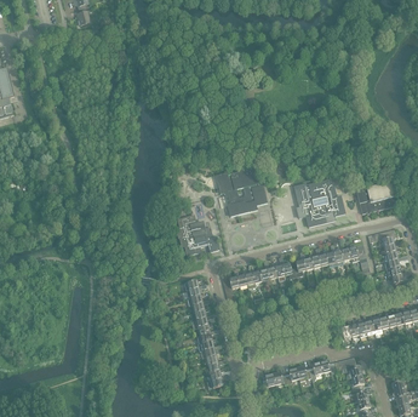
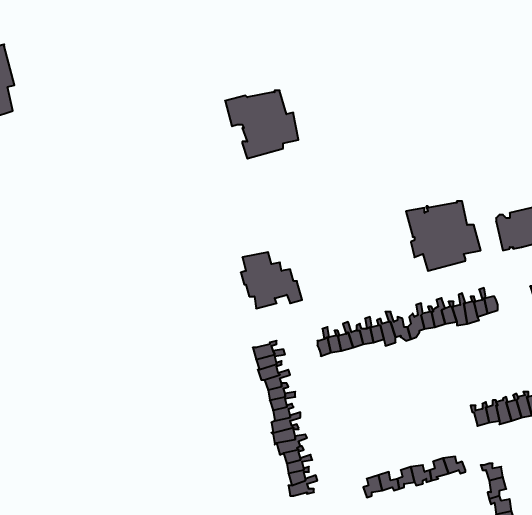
building: [214,167,267,216] -> [225,90,298,159]

